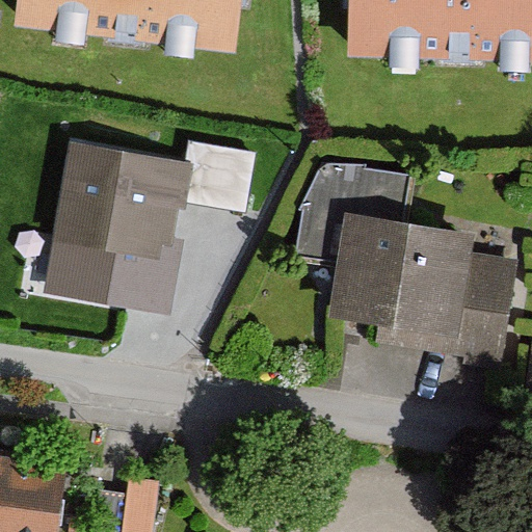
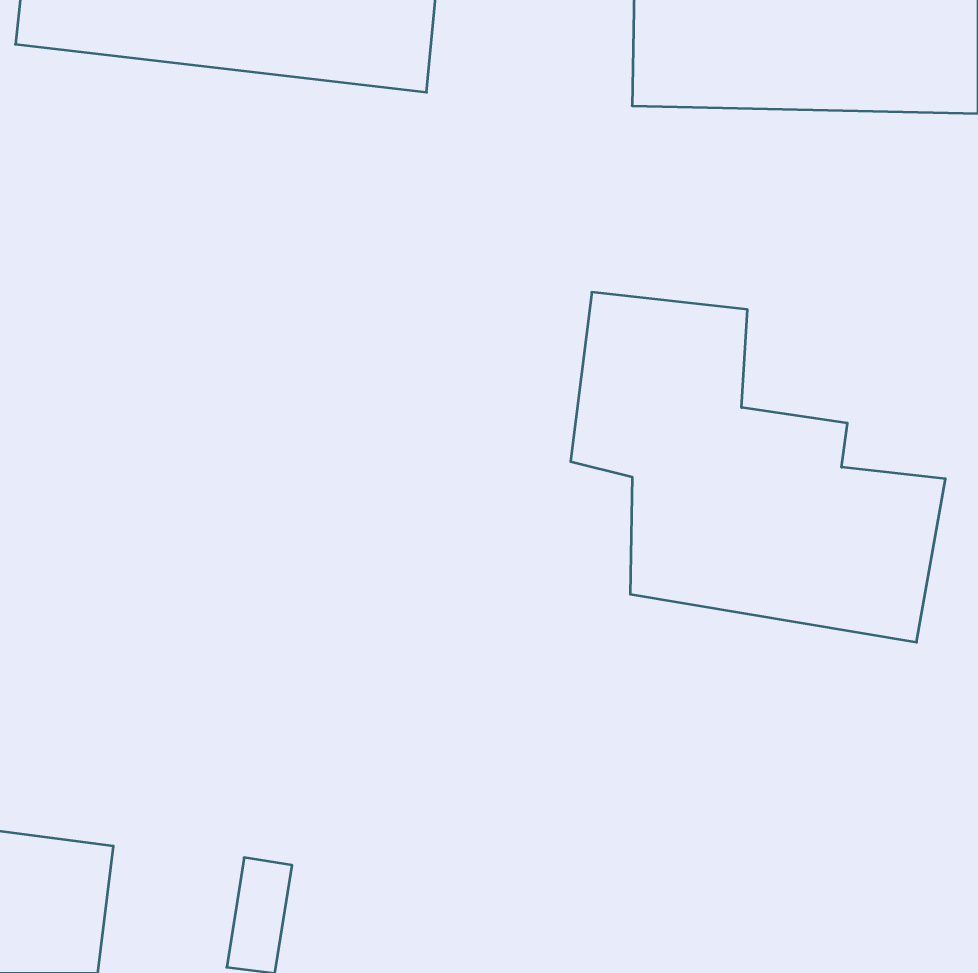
building: [49,143,257,296] -> none

